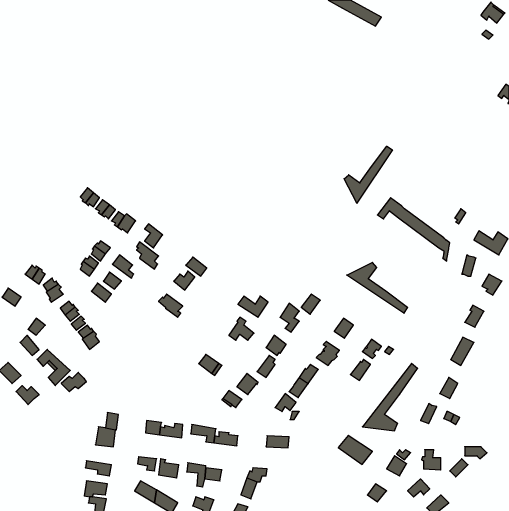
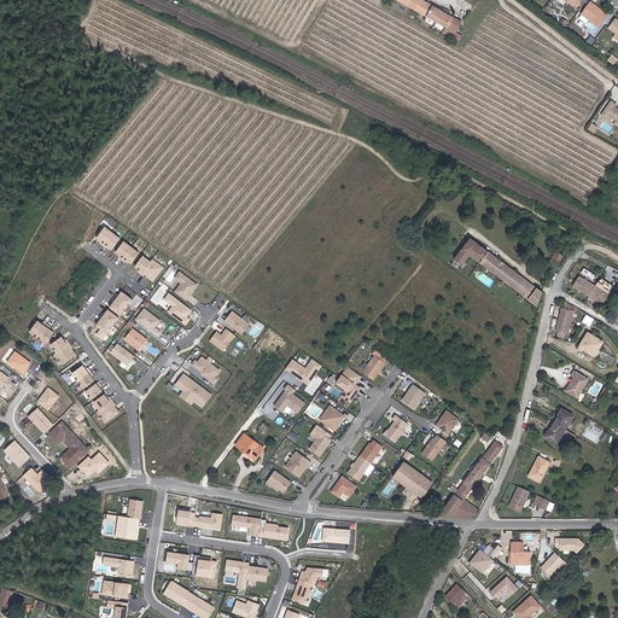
building: [344,146,392,203] -> none
building: [347,262,408,313] -> none
building: none -> [176,374,211,407]
building: [338,435,372,464] -> [393,459,435,494]

